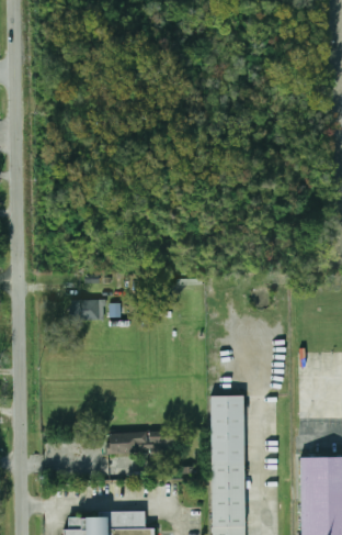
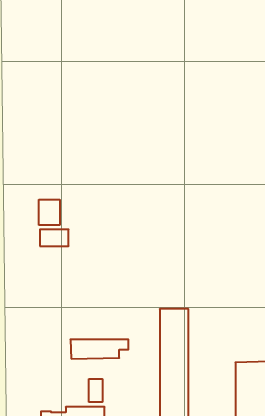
building: none -> [39,200,60,225]
building: none -> [89,379,102,402]

